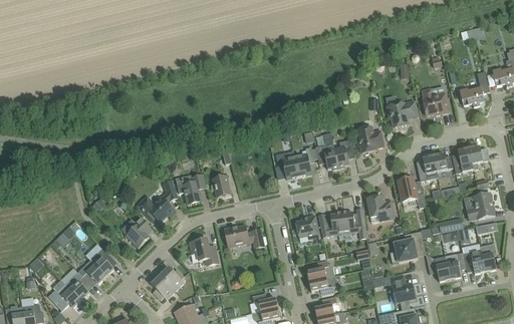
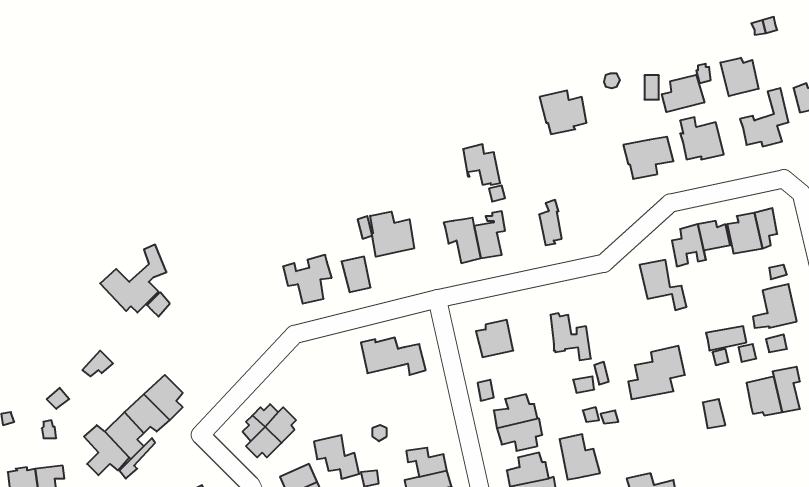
building: none -> [720,58,759,96]
building: none -> [662,75,704,112]
building: [354,125,383,152] -> [540,90,587,134]
building: [315,143,338,169] -> [463,144,500,185]
building: none -> [370,212,414,257]
building: [137,180,178,222] -> [100,245,167,313]
building: [366,195,394,222] -> none
building: [319,211,343,237] -> none
building: [125,216,152,247] -> none
building: [190,238,218,265] -> [314,435,359,479]
building: [445,252,466,279] -> none
building: [390,274,415,302] -> [560,434,600,480]

